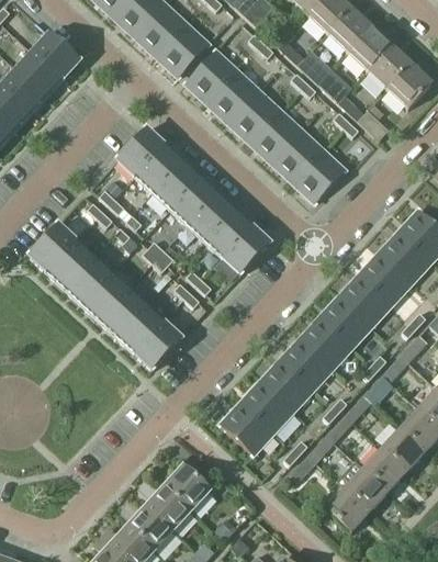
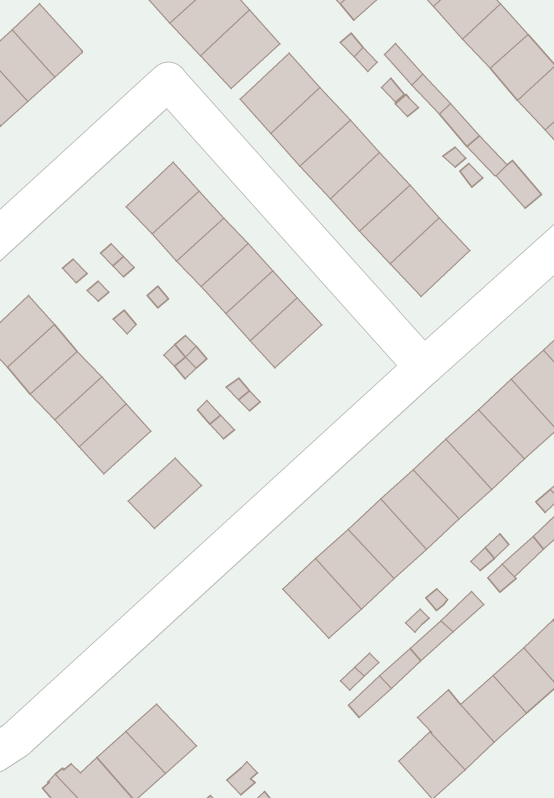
building: [223,226,269,273] -> none
building: [116,305,162,352] -> none
building: [220,402,273,453] -> none
building: [164,464,210,509] -> none

